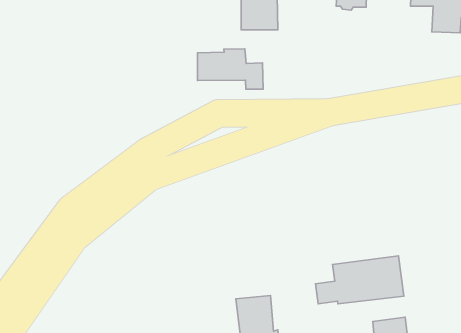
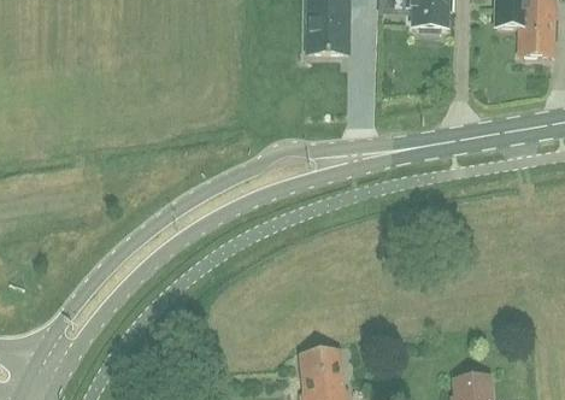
building: [198,49,263,89] -> none
building: [316,256,404,304] -> none

